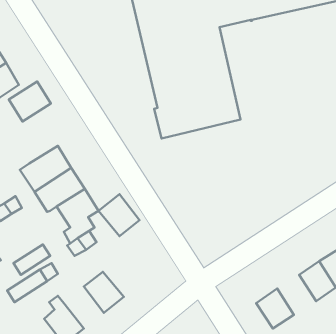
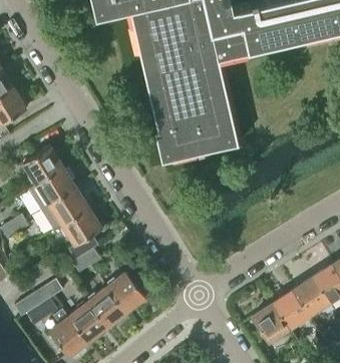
building: [9,82,51,122] -> [22,147,62,186]
building: [99,194,140,236] -> [105,273,144,313]
building: none -> [272,292,309,330]
building: none -> [68,303,106,343]

